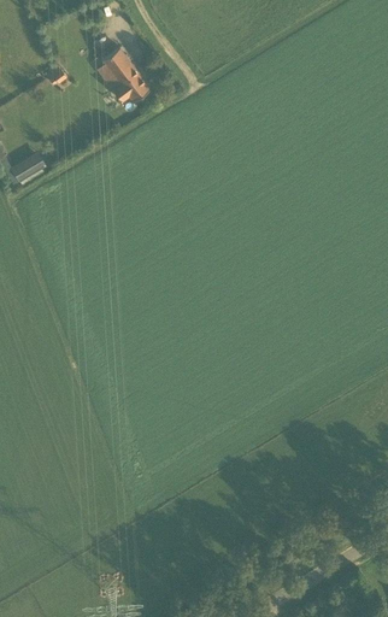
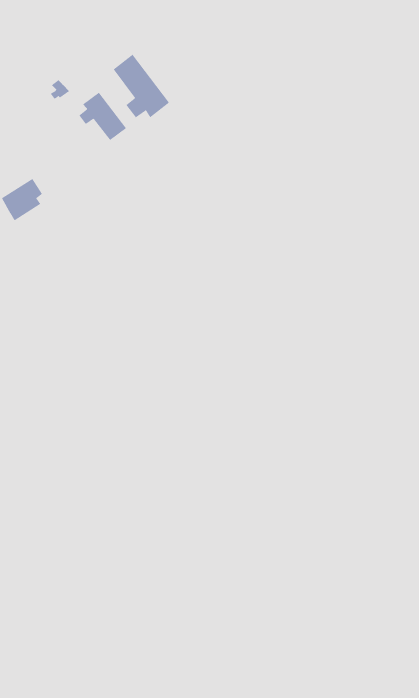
building: none -> [79,92,127,141]

